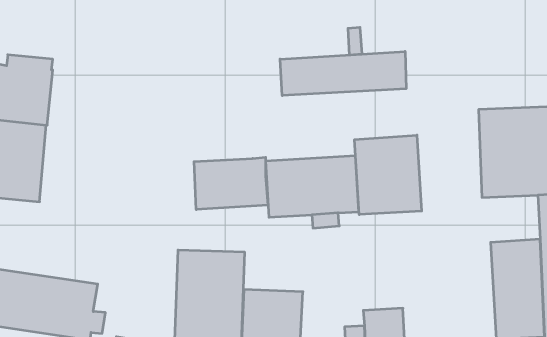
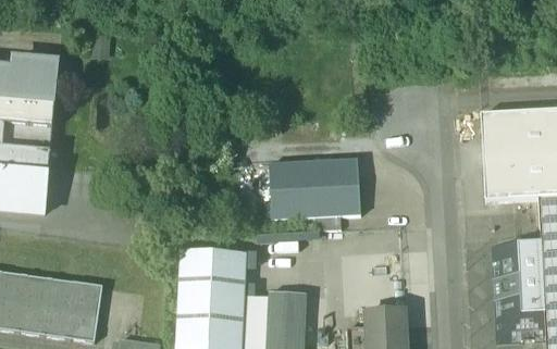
building: [280,51,406,96] -> none
building: [355,135,422,215] -> none
building: [194,157,268,210] -> none

